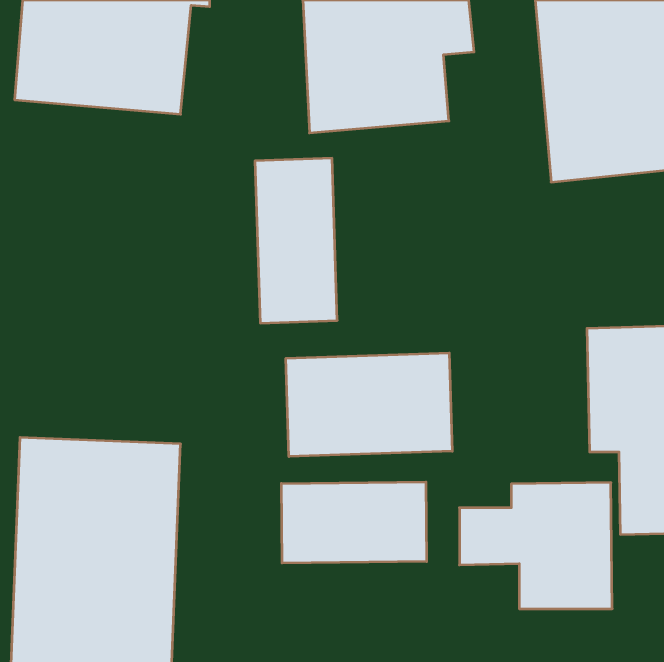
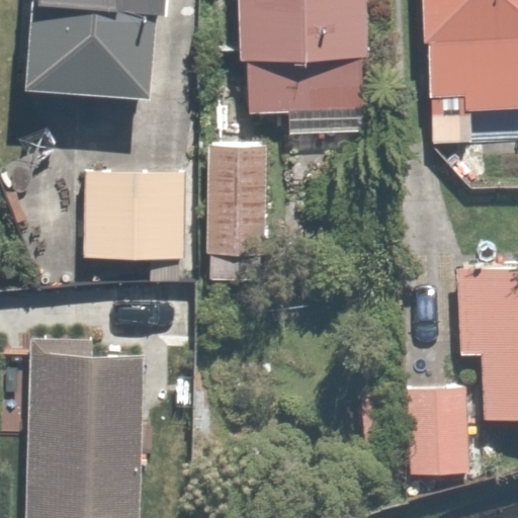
building: none -> [87,161,191,265]
building: [286,353,452,457] -> none
building: [281,482,427,563] -> none

